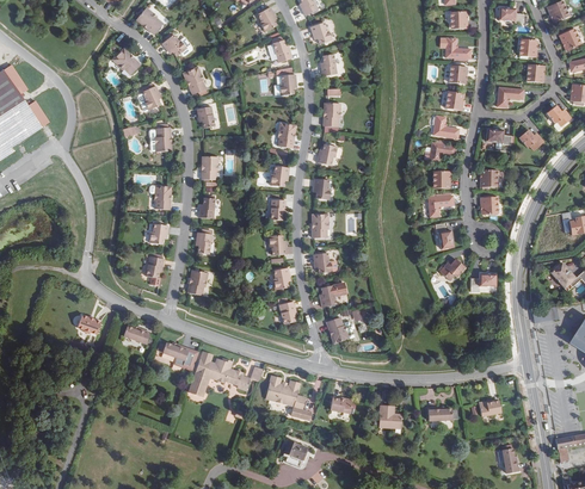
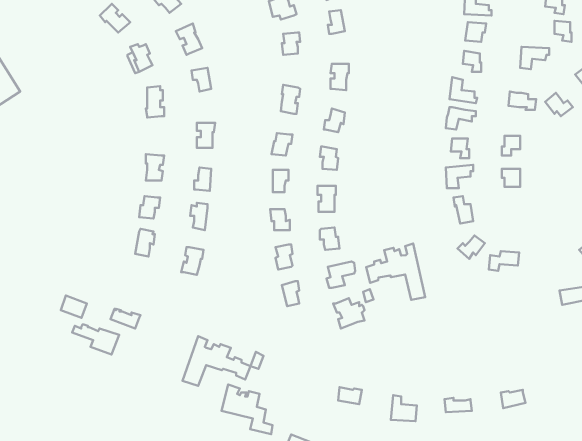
building: none -> [366,243,425,300]
building: [155,342,198,370] -> [72,325,119,355]
building: [264,375,310,420] -> [221,385,273,434]

